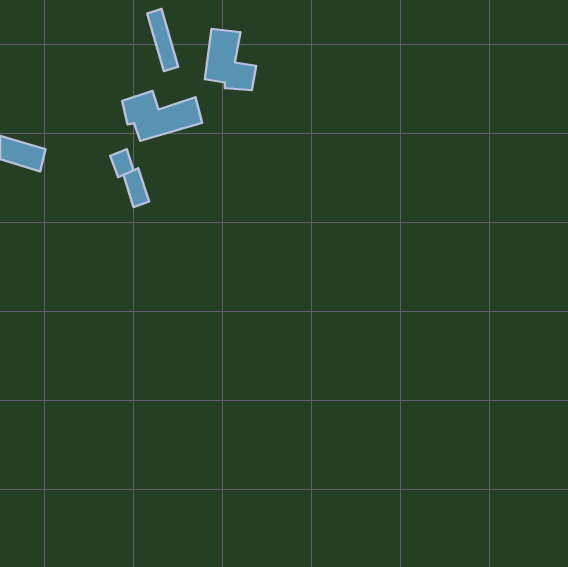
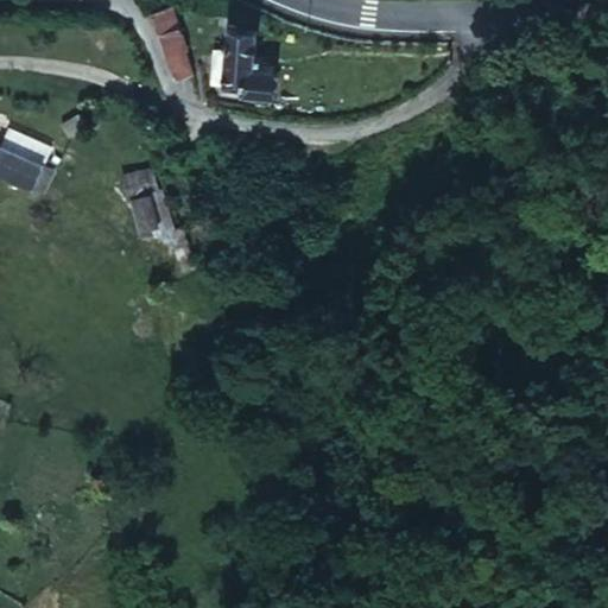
building: [122,91,202,141] -> none

